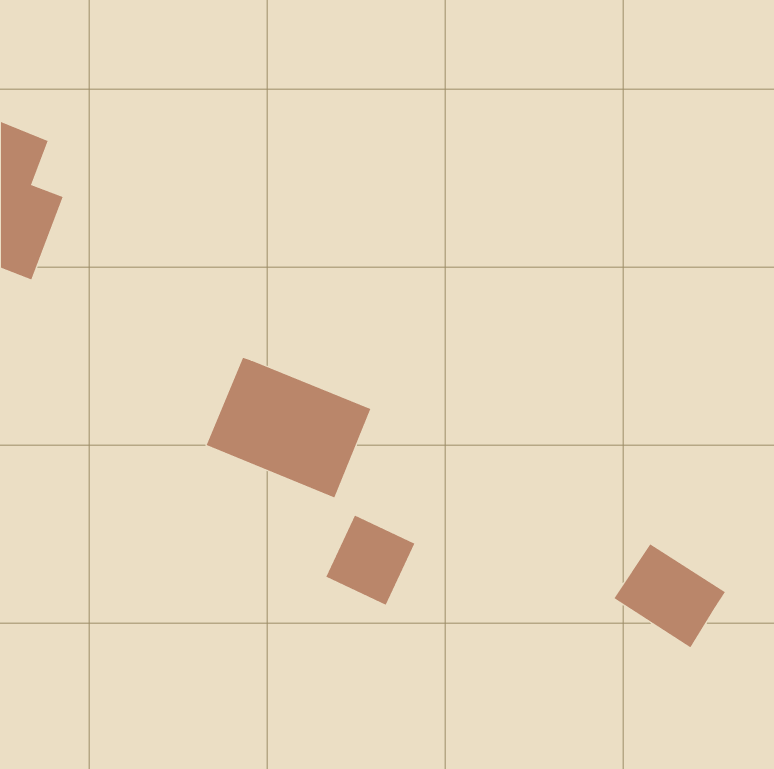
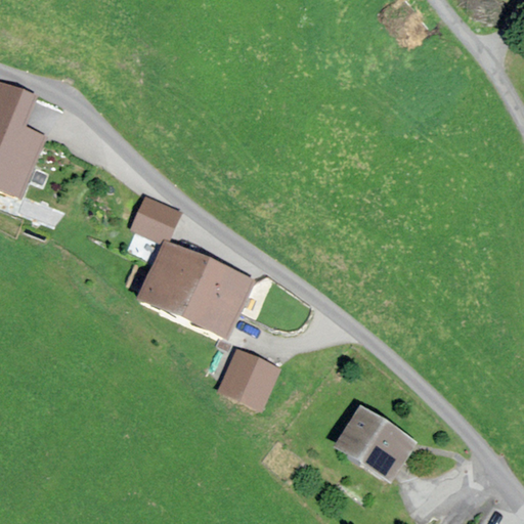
building: none -> [131,194,183,244]
building: [614,544,726,648] -> [338,405,413,476]

